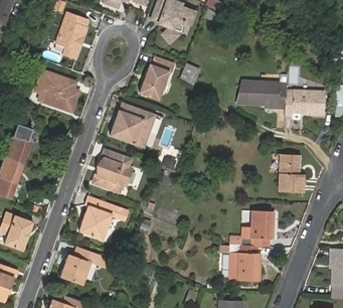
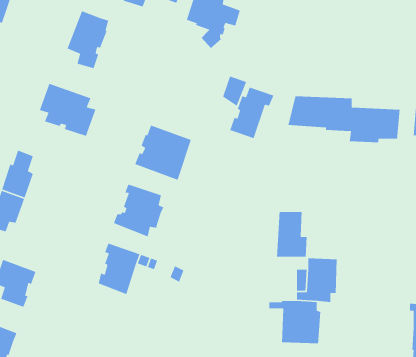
building: [140,58,176,101] -> [229,87,274,139]
building: [280,153,305,190] -> [276,211,308,258]
building: [59,247,104,285] -> none

